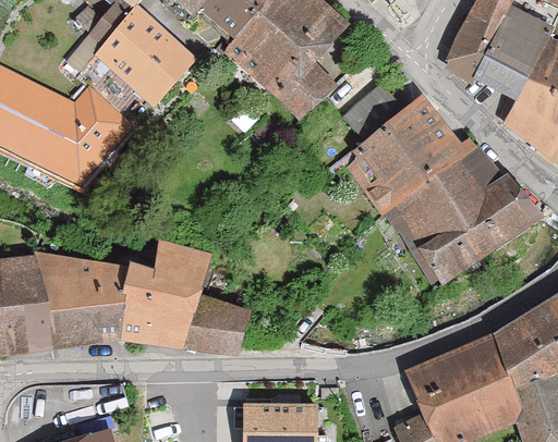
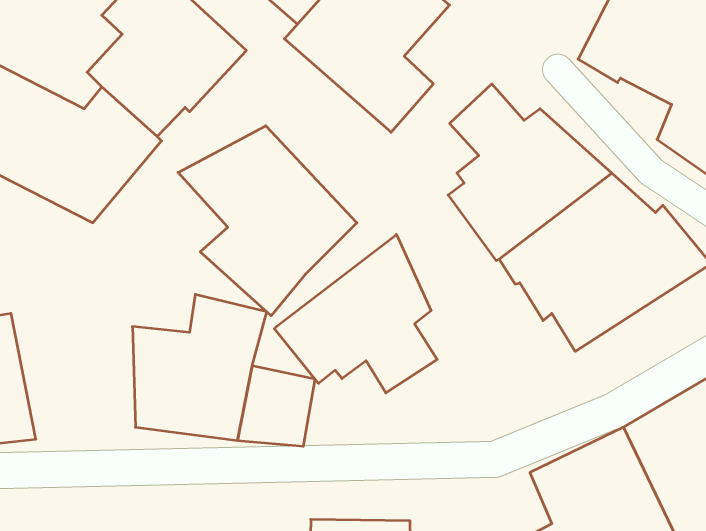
building: none -> [178,126,357,316]
building: none -> [274,234,437,393]
building: [21,253,113,347] -> none

